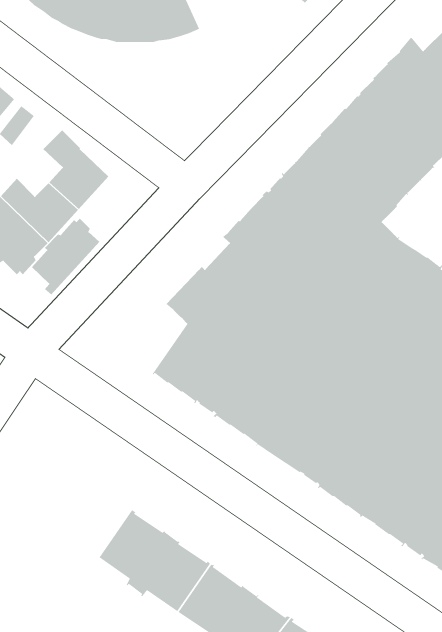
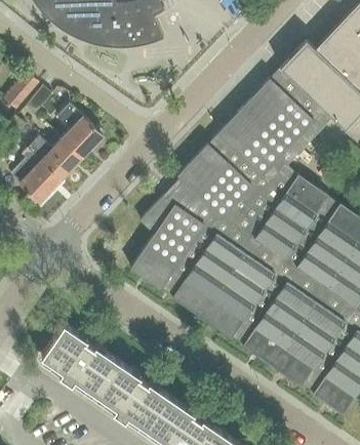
building: [31,218,100,295] -> none
building: none -> [40,324,117,394]

